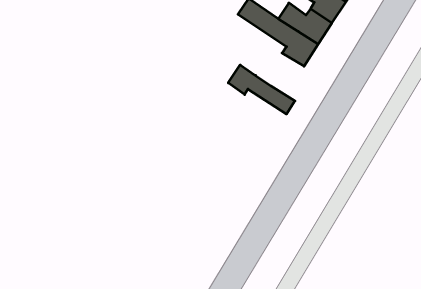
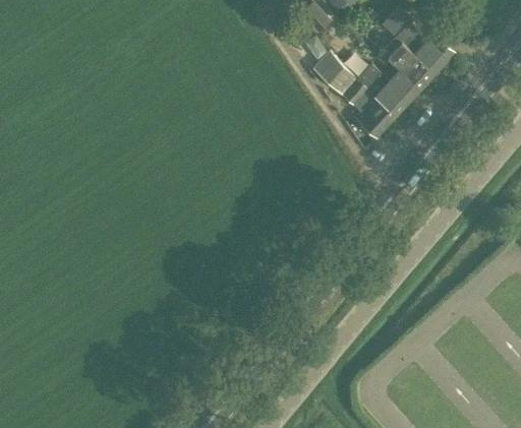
building: [228,65,295,114] -> none

